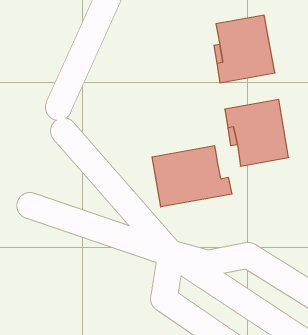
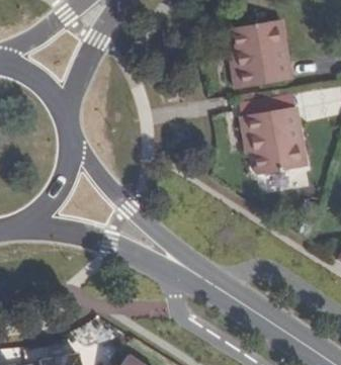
building: [152,146,232,207] -> none

